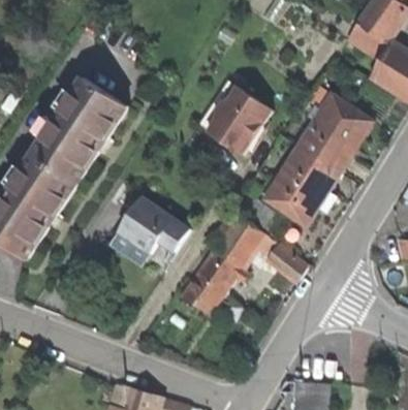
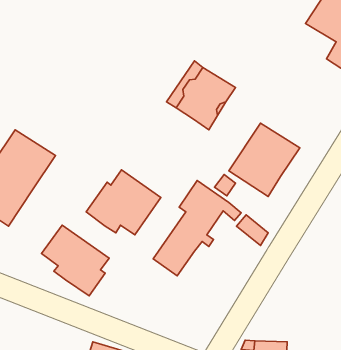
building: [33,76,127,182] -> none
building: [297,94,373,174] -> none
building: none -> [42,225,109,296]

